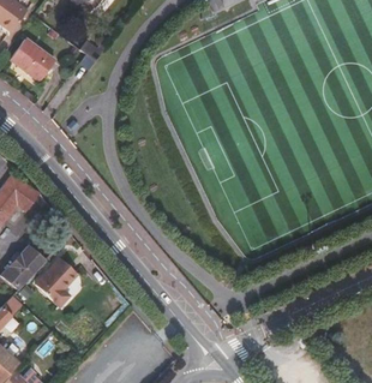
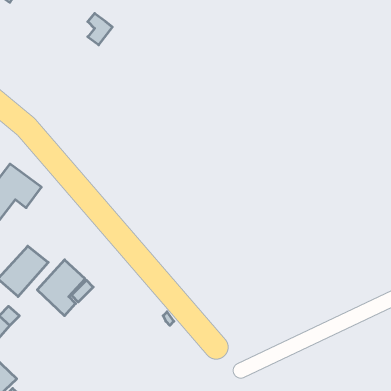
building: [10,37,56,80] -> none

